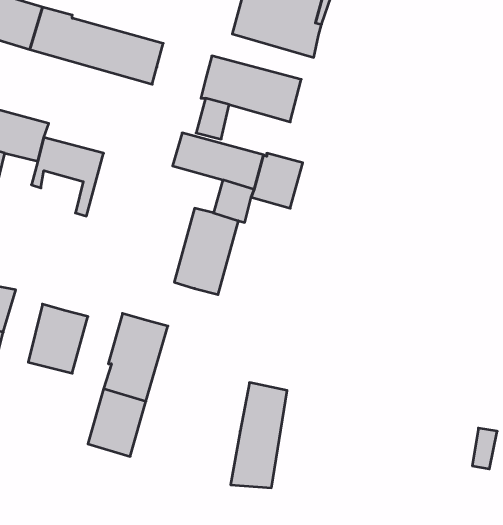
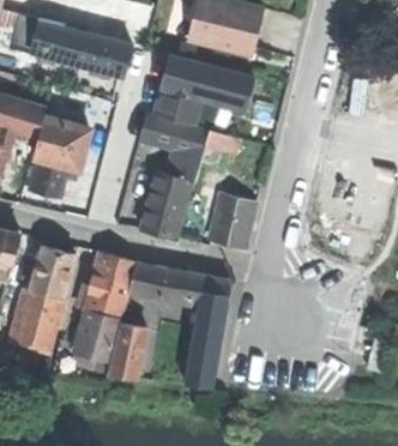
building: none -> [29,143,71,198]
building: none -> [210,182,258,248]
building: none -> [132,263,230,311]
building: none -> [14,289,62,351]
building: none -> [108,323,145,378]

